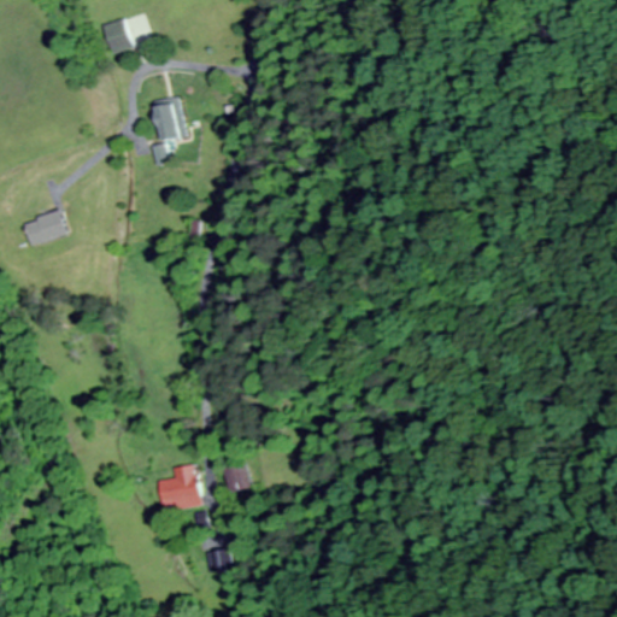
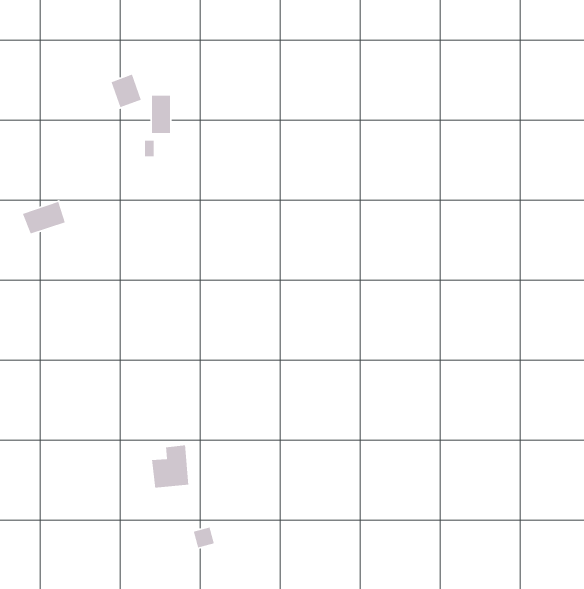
building: [102,18,135,54] -> [111,74,142,108]
building: [228,464,253,493] -> none

